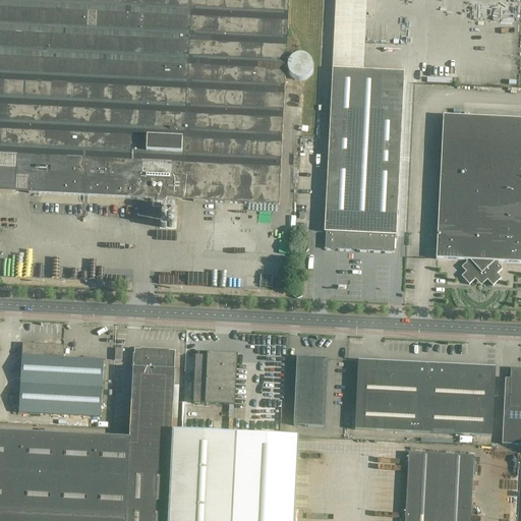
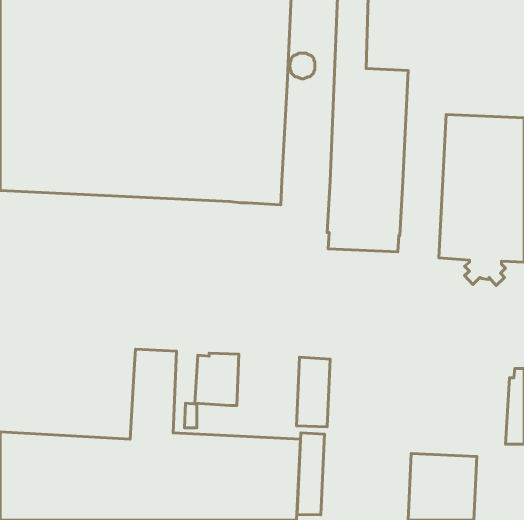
building: [19,341,104,415] -> none
building: [355,358,496,433] -> none
building: none -> [297,433,324,515]

